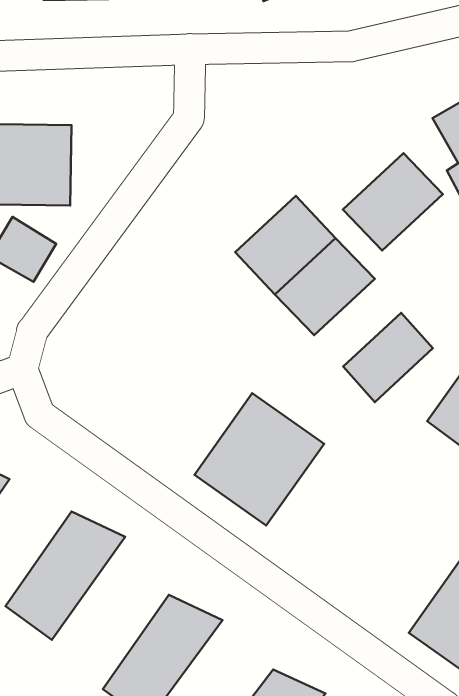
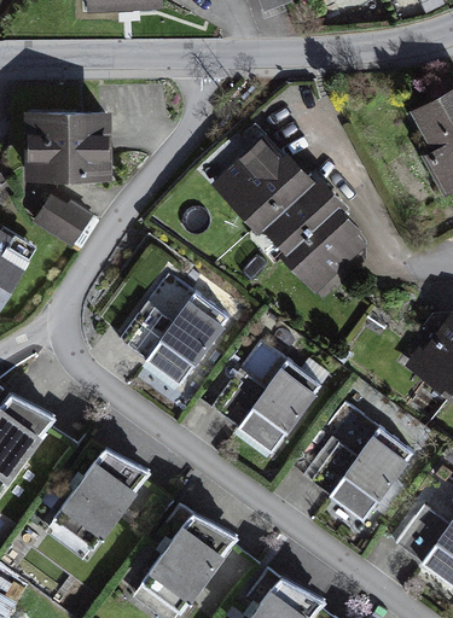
building: [343,153,443,250] -> [214,138,300,221]
building: [343,313,433,402] -> none
building: none -> [118,275,231,389]
building: none -> [302,410,414,524]

